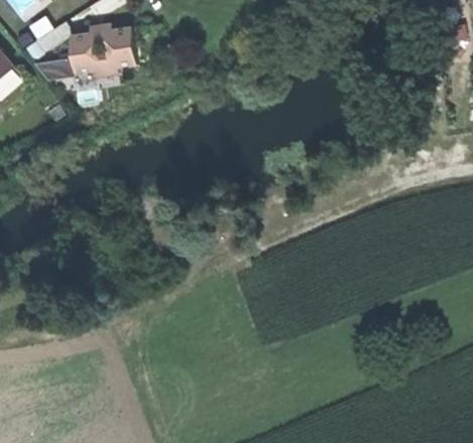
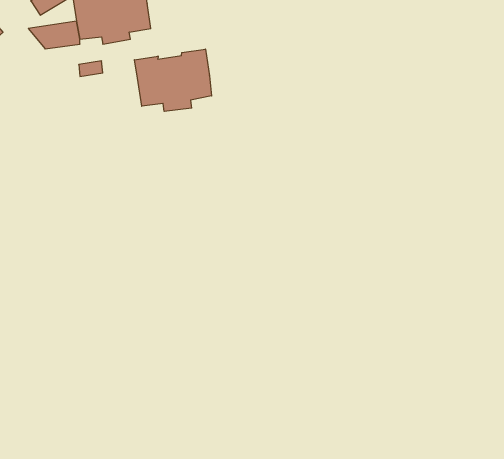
building: none -> [134,49,212,111]

